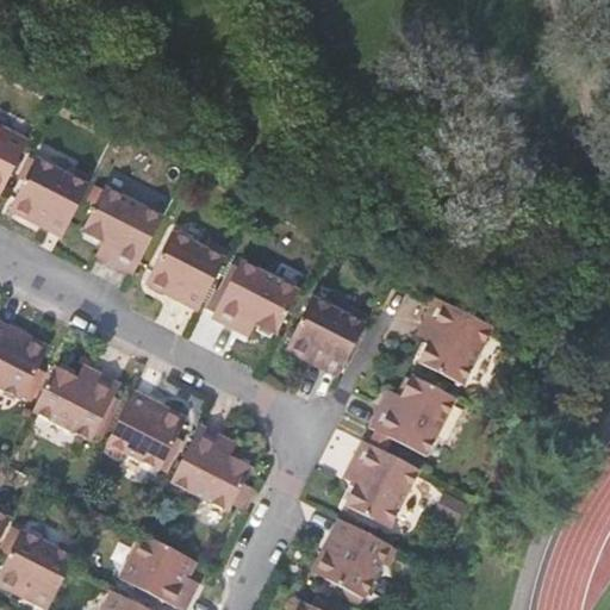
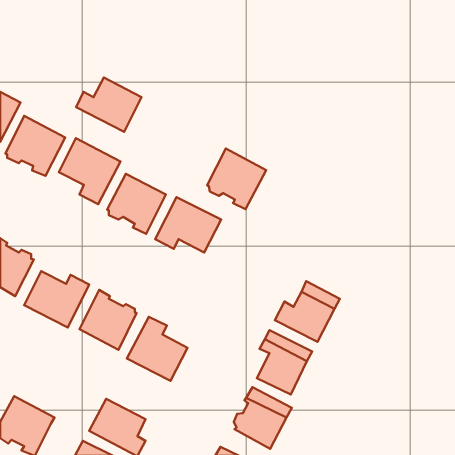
building: none -> [76,78,142,132]
building: [286,295,365,376] -> [207,149,266,209]
building: [417,298,492,387] -> none

